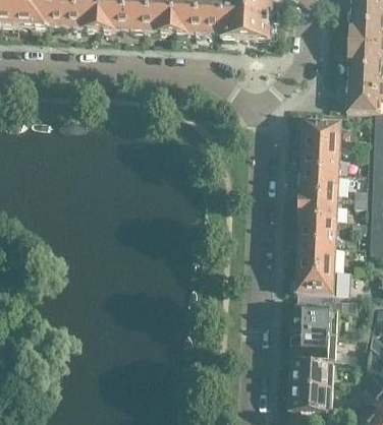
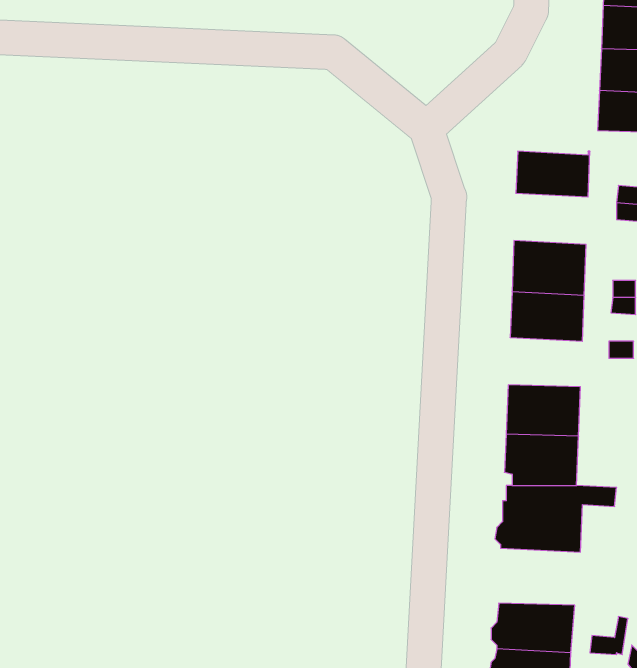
building: [302,143,341,171] -> none
building: [298,221,338,247] -> none
building: [291,333,348,361] -> none

